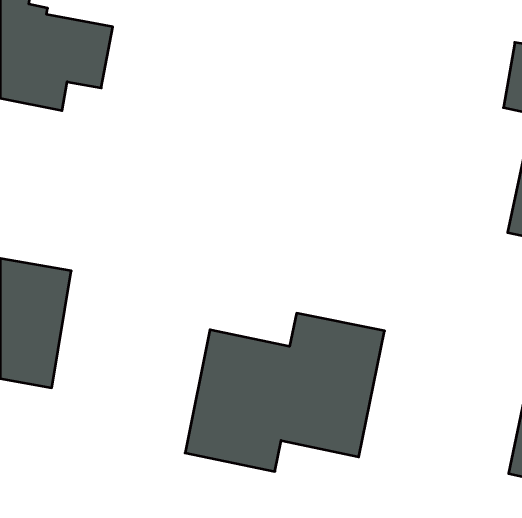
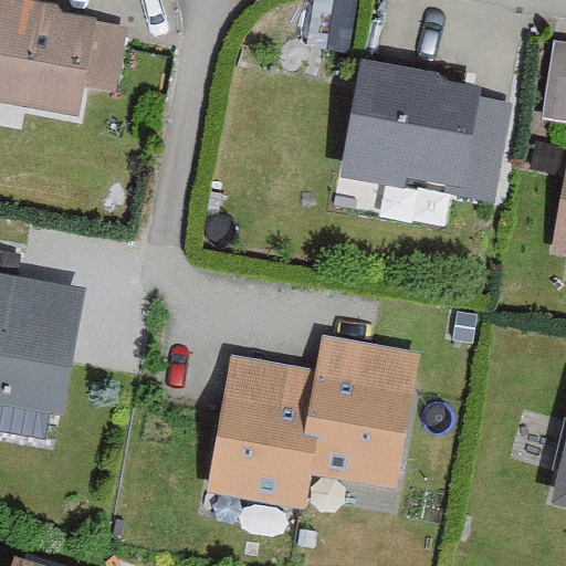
building: none -> [338,61,511,203]

